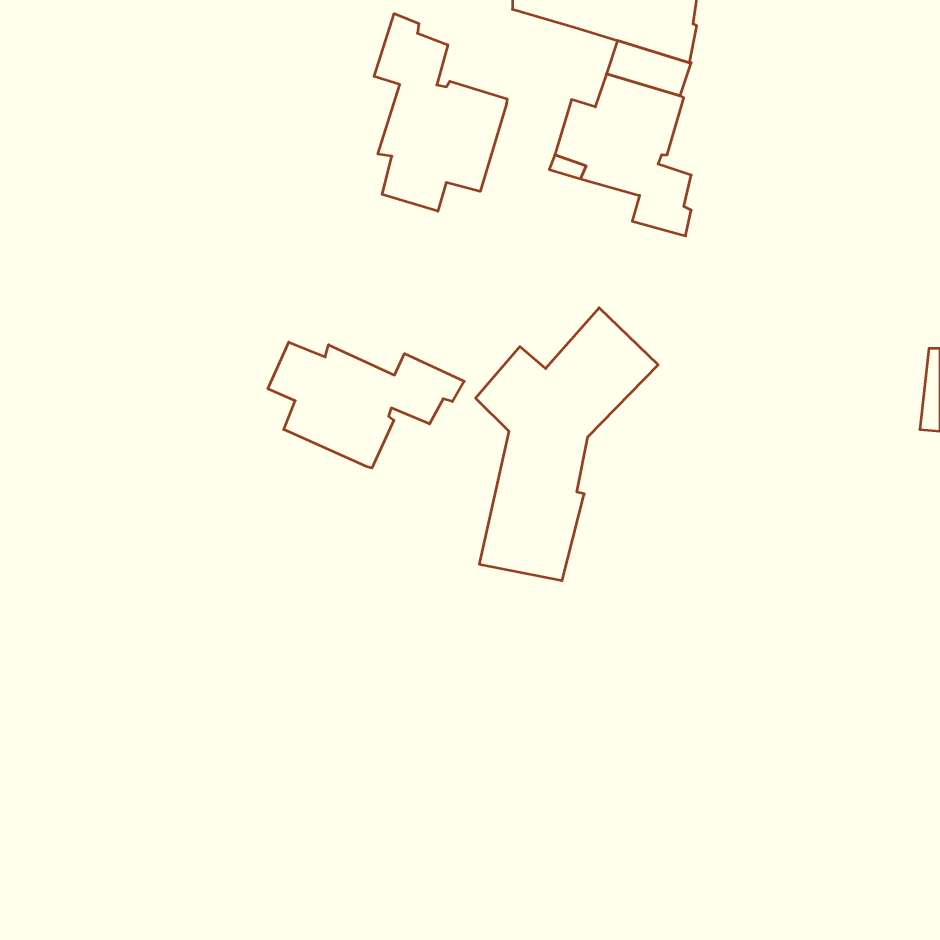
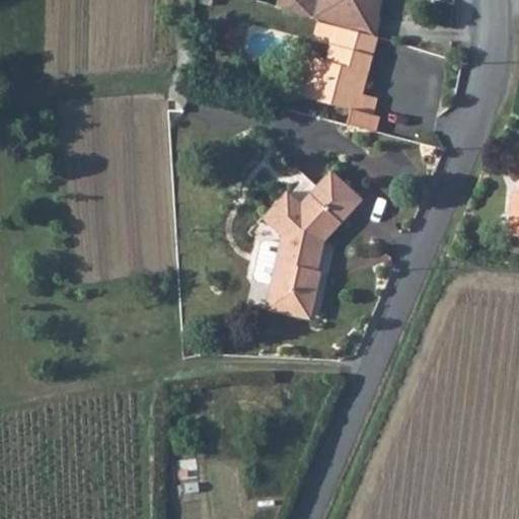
building: [374,14,507,211] -> none
building: [268,342,464,468] -> none

